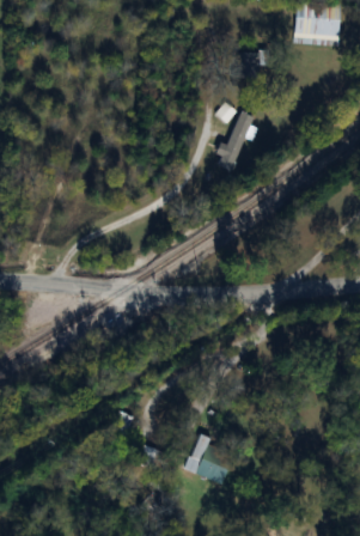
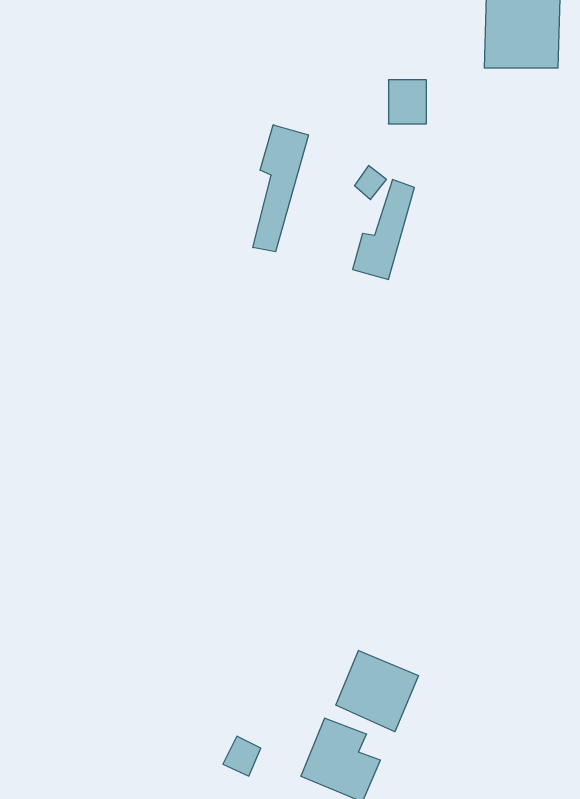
building: none -> [253,125,309,252]
building: none -> [336,650,419,732]

